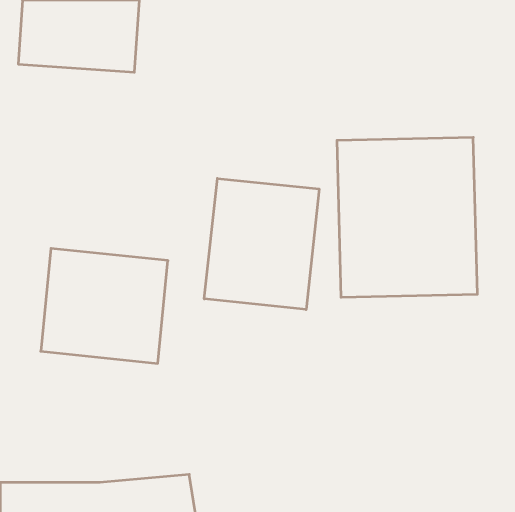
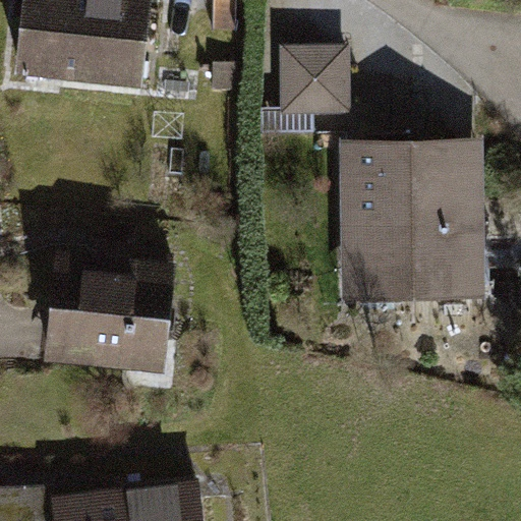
building: none -> [281,48,348,114]
building: [204,178,319,310] -> none

